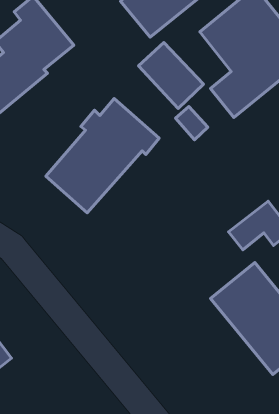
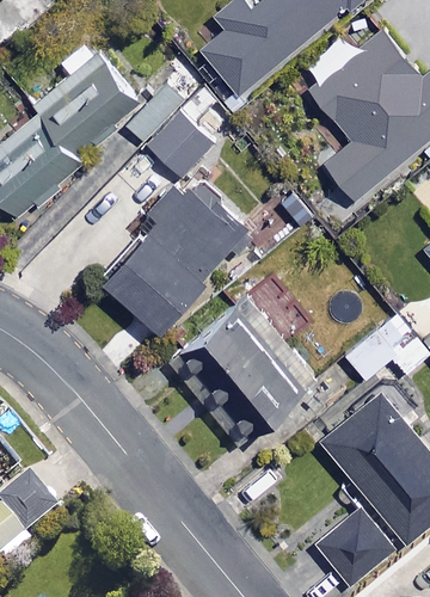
building: [139,43,203,108] -> [129,92,215,179]
building: none -> [170,307,306,445]
building: none -> [317,509,392,584]

